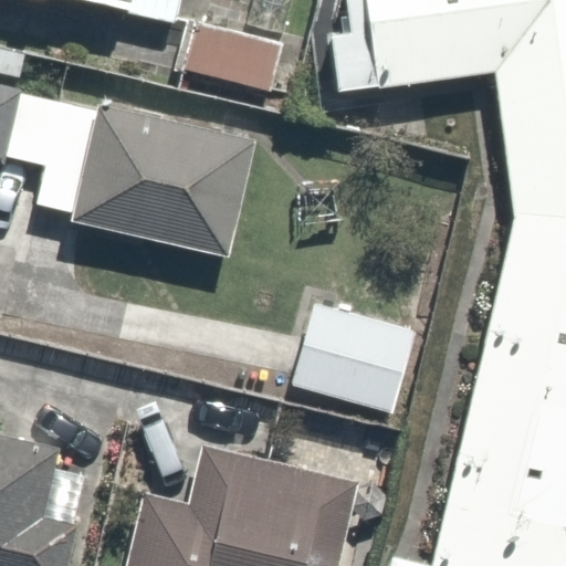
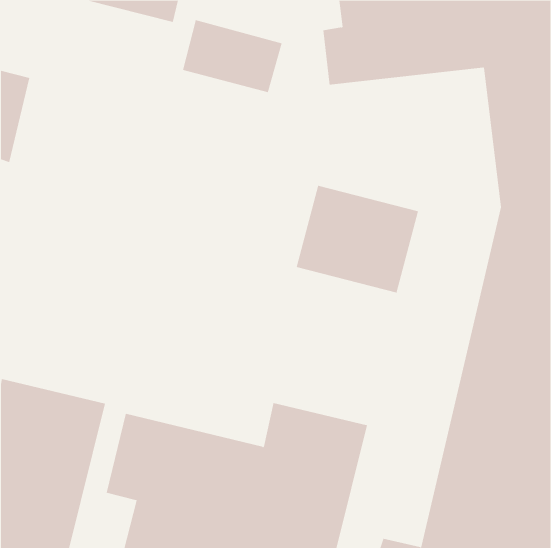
building: [40,90,262,261] -> none
building: [294,304,420,415] -> [296,185,419,293]

